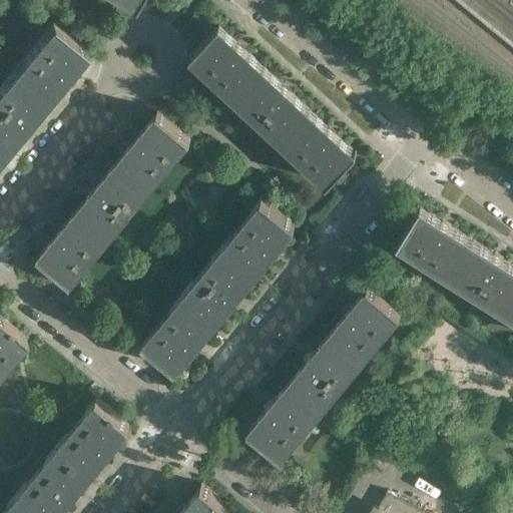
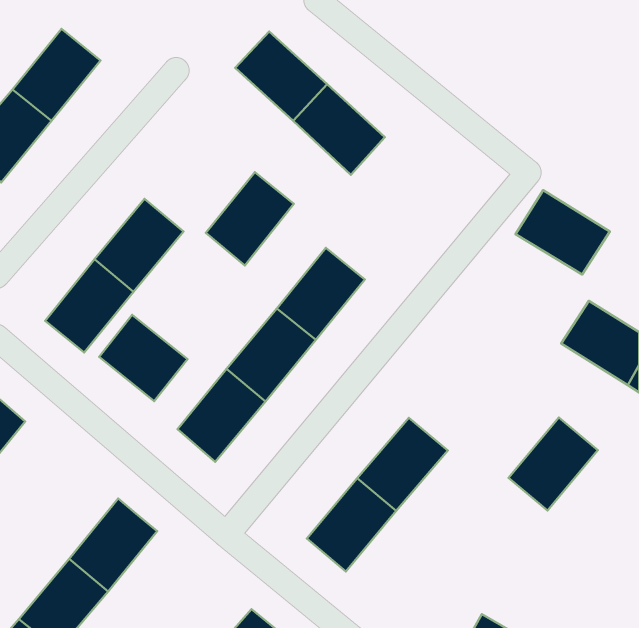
building: [280,121,353,193] -> none
building: [115,122,185,196] -> [206,172,294,265]
building: [394,218,469,286] -> [516,190,610,274]
building: none -> [99,315,187,401]
building: [326,297,397,371] -> [508,417,598,511]

